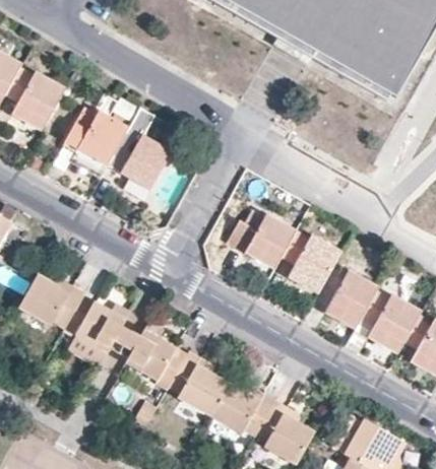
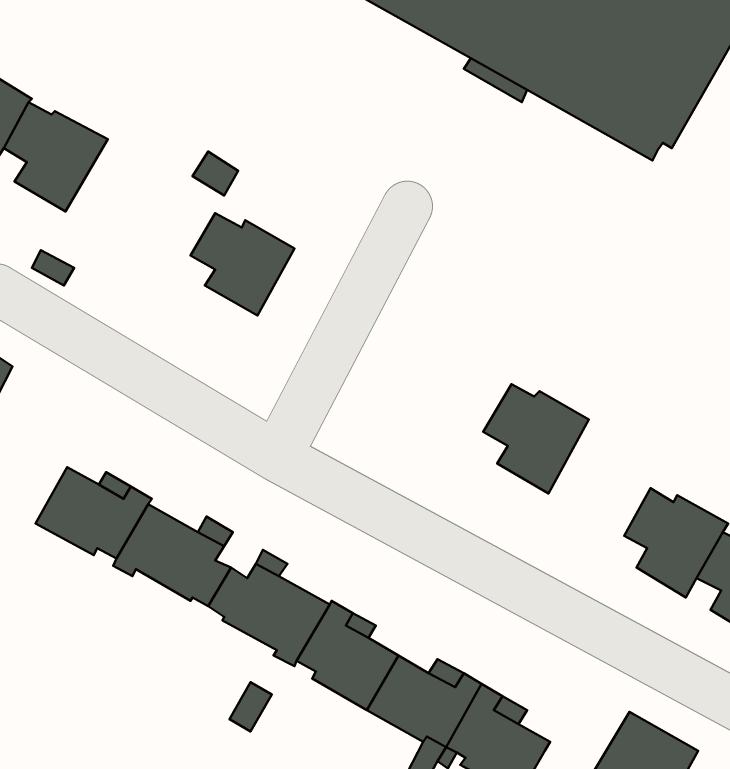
building: [70,106,128,176] -> none
building: [227,207,297,266] -> none
building: [325,268,379,327] -> none

